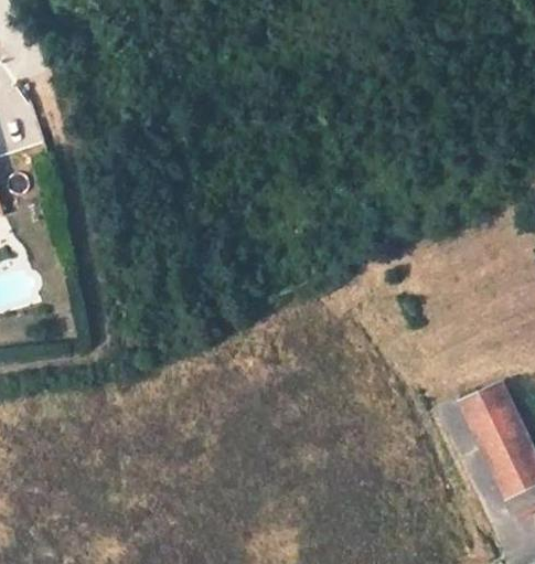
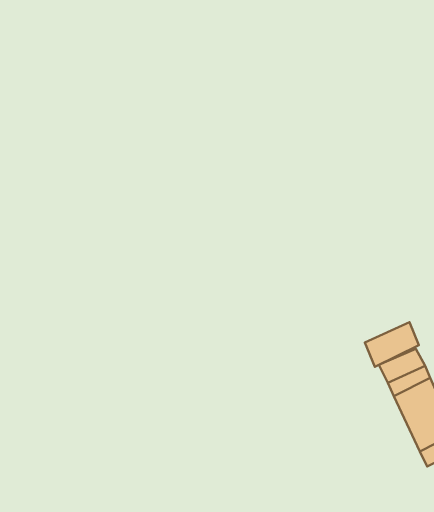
building: none -> [365,322,419,367]

